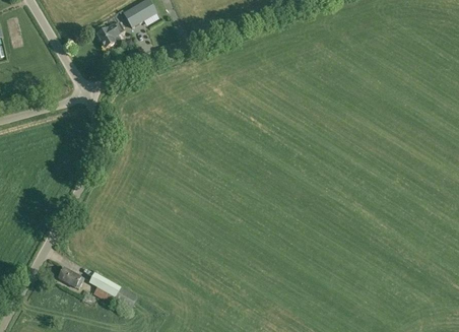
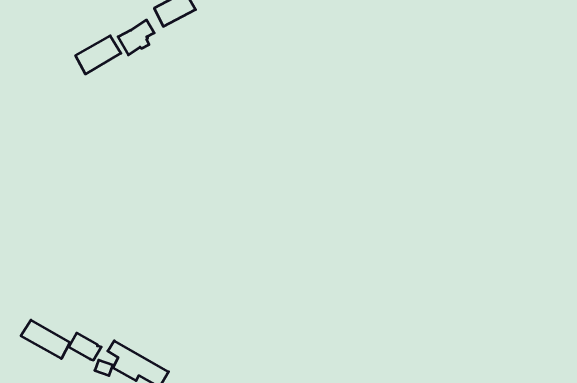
building: none -> [76,36,121,74]
building: none -> [21,320,70,359]

